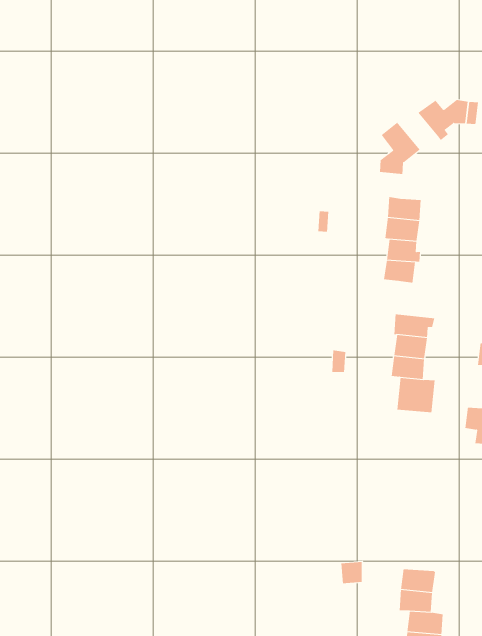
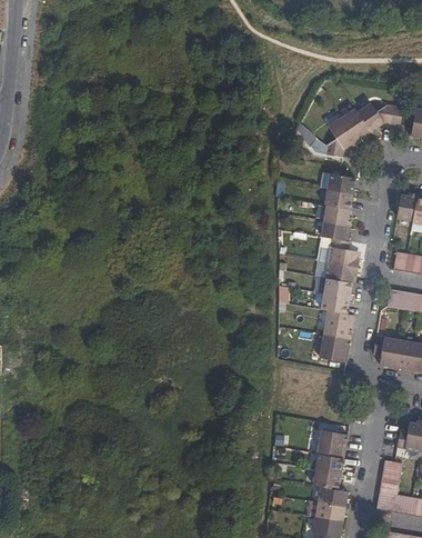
building: none -> [341,108,370,139]
building: none -> [328,237,359,267]
building: none -> [319,333,350,361]
building: none -> [316,429,345,457]

